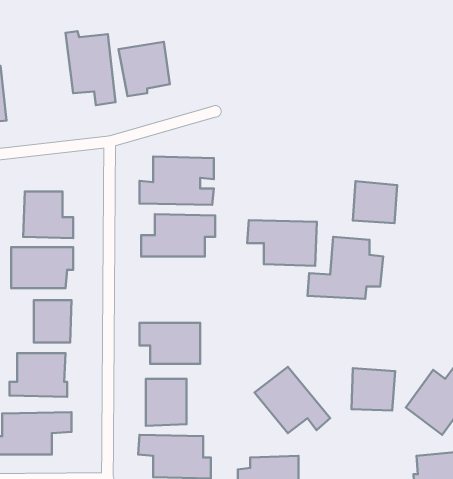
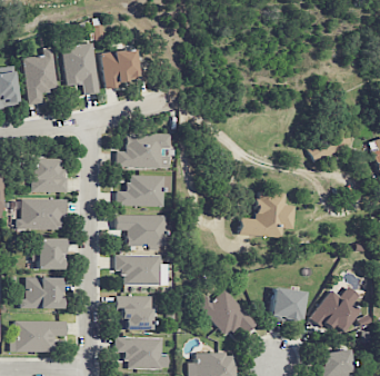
building: none -> [26,48,58,105]
building: [353,181,397,223] -> none
building: [247,220,317,266] -> [116,214,167,247]

